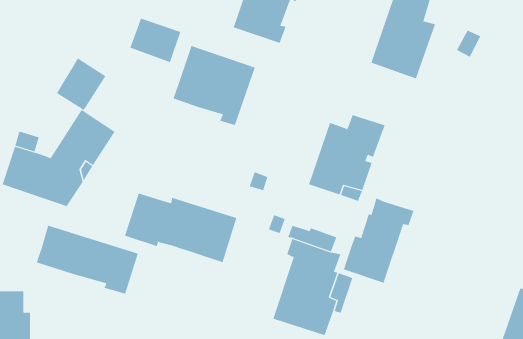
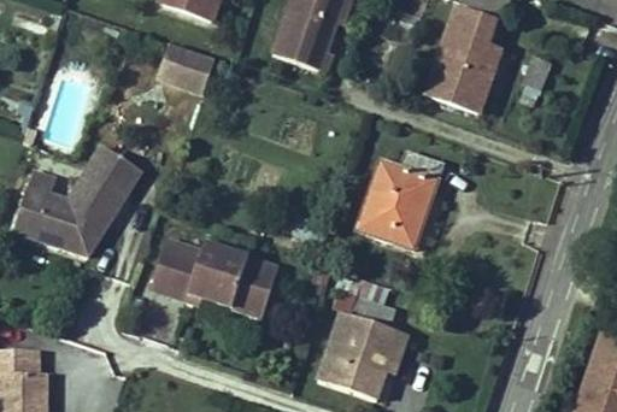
building: [173,45,255,126] -> none
building: [56,58,106,111] -> none
building: [343,197,414,284] -> none
building: [36,225,139,295] -> none

